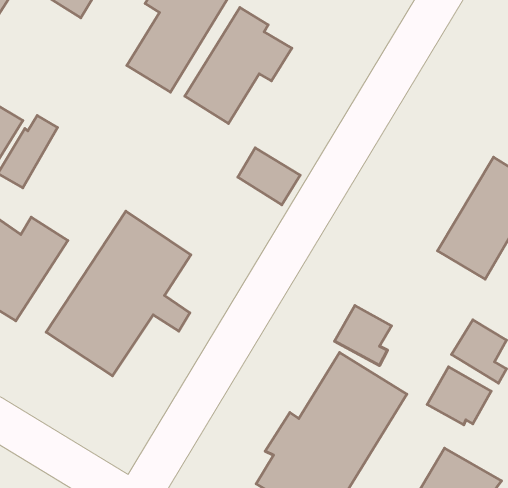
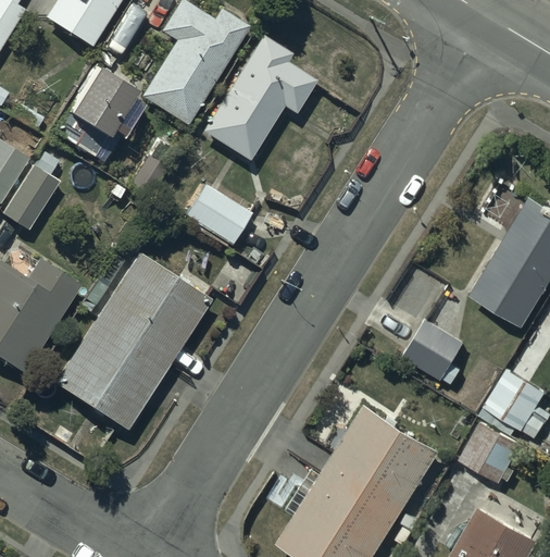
building: none -> [68,65,143,138]
building: [238,148,300,205] -> [185,184,251,245]
building: [335,305,392,365] -> [405,320,466,384]

